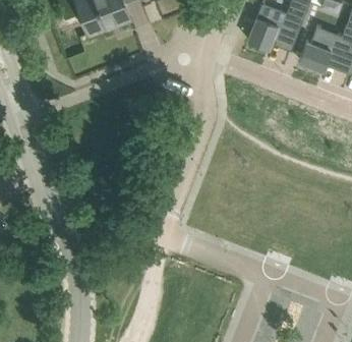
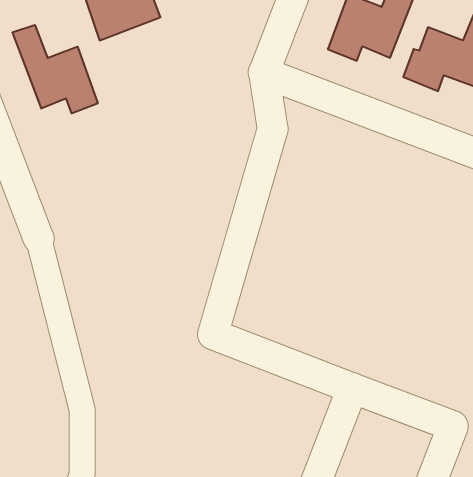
building: none -> [13,25,98,113]

